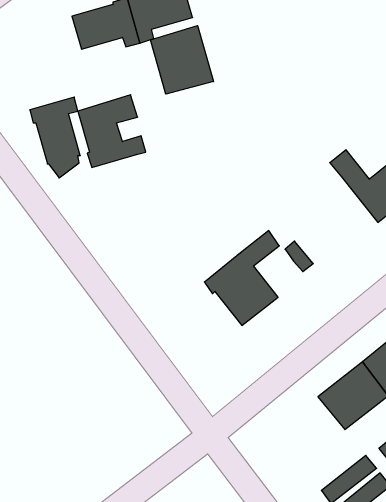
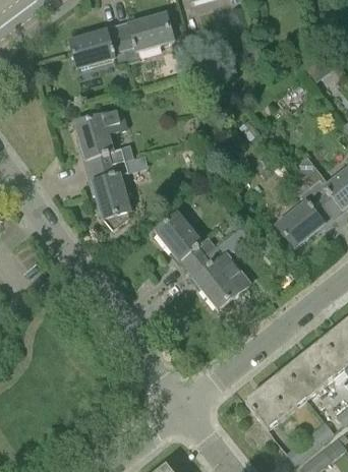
building: [150,26,213,94] -> none
building: [30,97,80,178] -> [86,160,130,230]
building: none -> [275,179,335,248]
building: none -> [155,212,216,271]
building: none -> [244,370,306,430]

